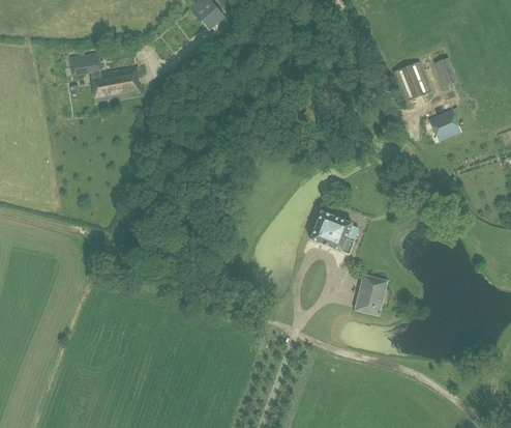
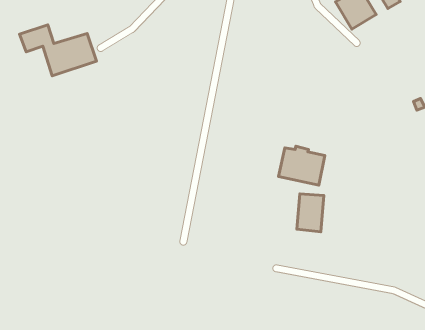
building: [427,109,460,141] -> none
building: [354,274,386,315] -> [297,194,324,232]

